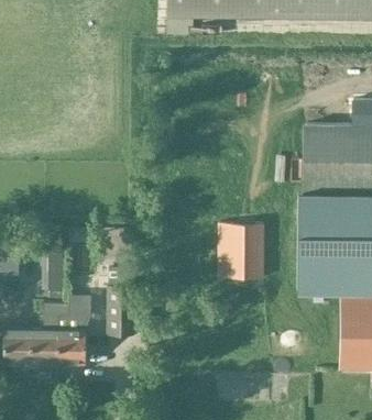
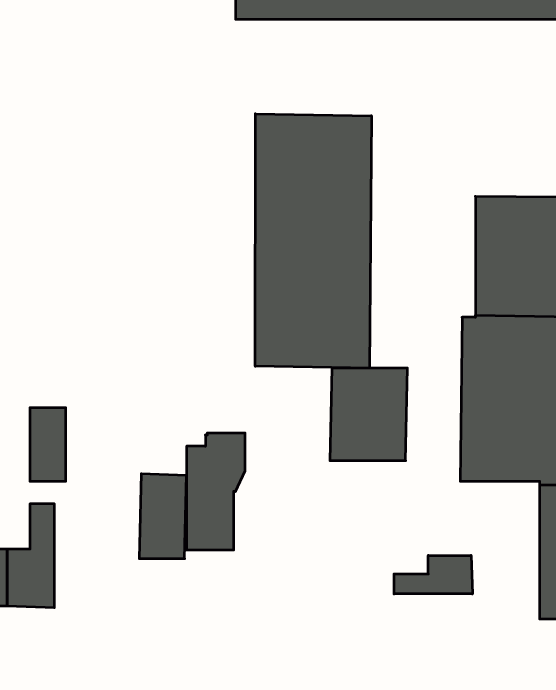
building: none -> [255,114,371,368]
building: [59,296,94,364] -> [187,433,245,550]
building: none -> [394,555,472,594]

